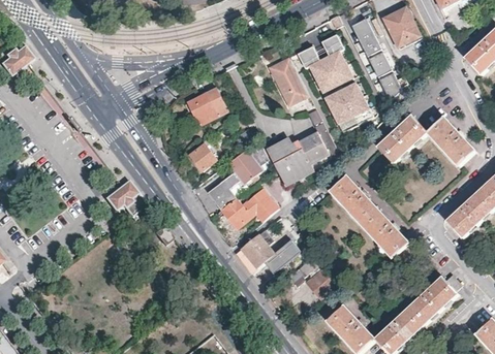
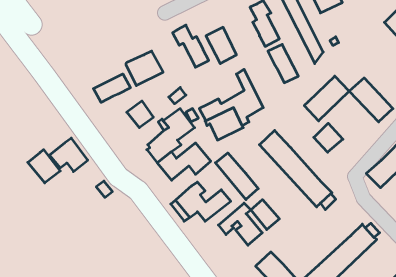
building: [298,45,337,91] -> [173,25,209,67]
building: [326,89,358,131] -> none
building: none -> [93,74,130,102]
building: none -> [314,123,343,152]
building: none -> [28,150,60,183]
building: none -> [215,153,258,200]
building: none -> [251,200,279,230]

